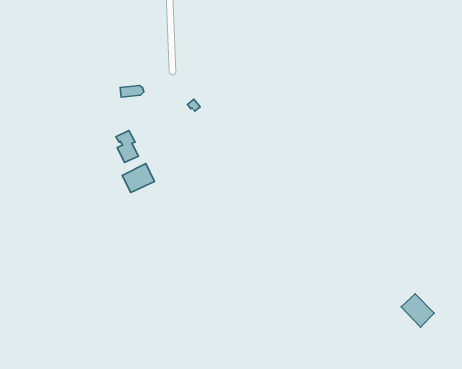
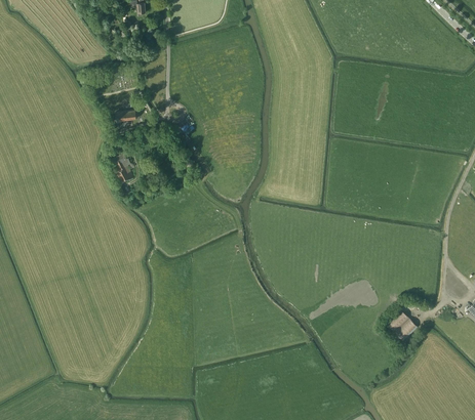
building: [122,164,154,193] -> none

